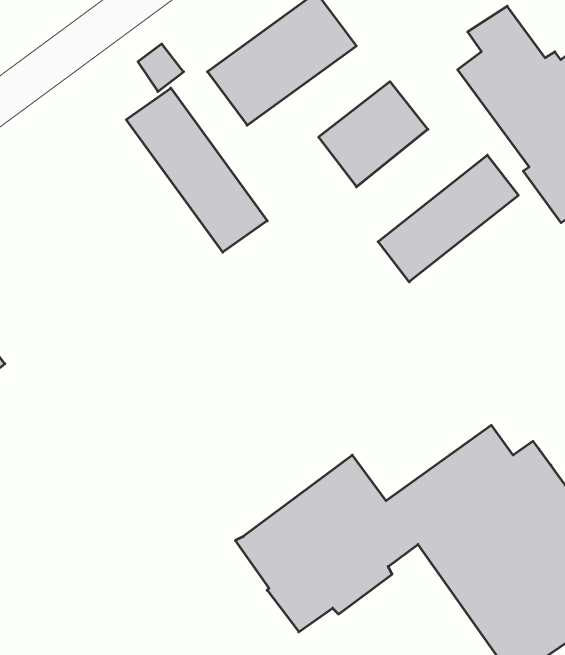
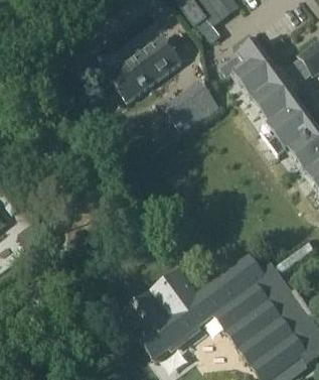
building: [126,88,267,252] -> none
building: [378,155,518,282] -> none

